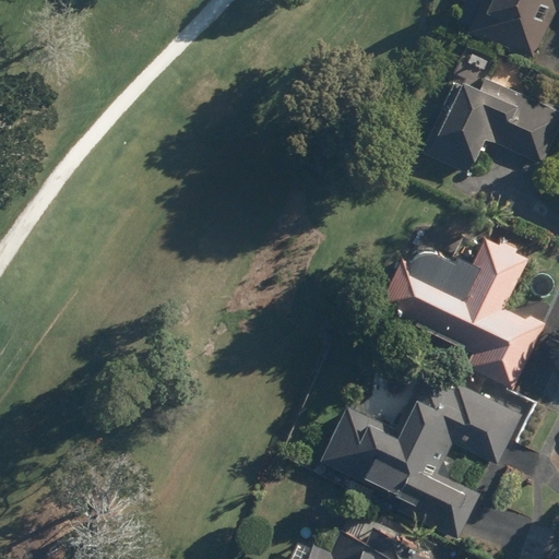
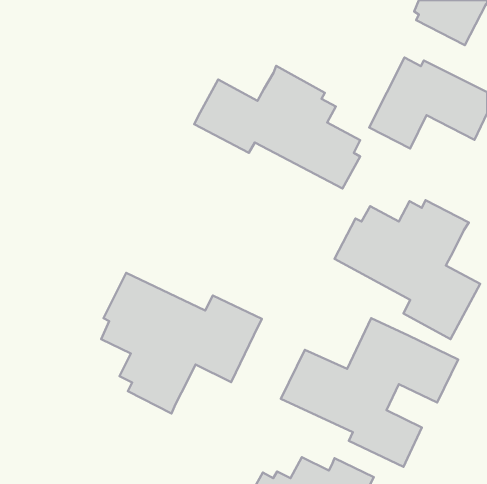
building: none -> [194,66,360,189]
building: none -> [101,273,262,413]

